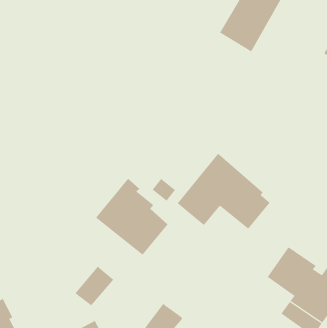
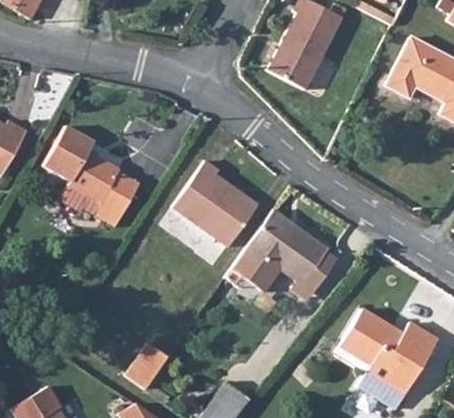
building: none -> [43,127,140,226]
building: [95,178,169,255] -> [174,158,256,244]

